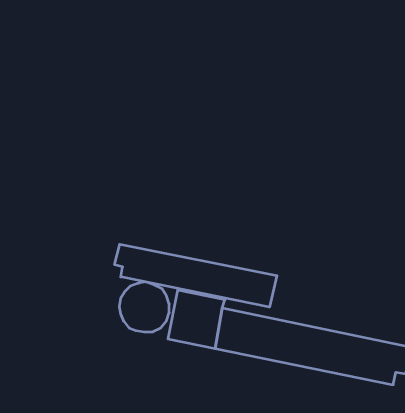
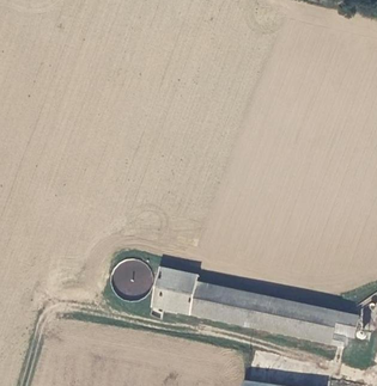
building: [115,244,277,307] -> none

